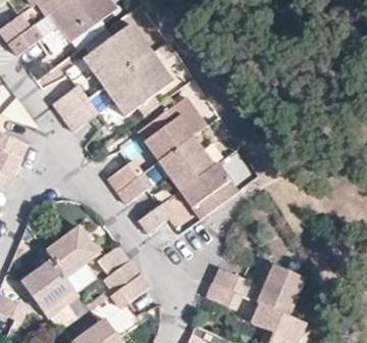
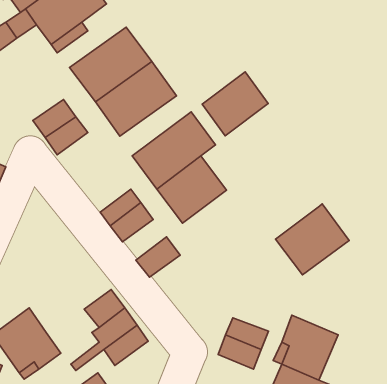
building: none -> [202,72,268,136]
building: [176,159,238,218] -> [275,204,349,275]
building: [45,230,96,280] -> none

